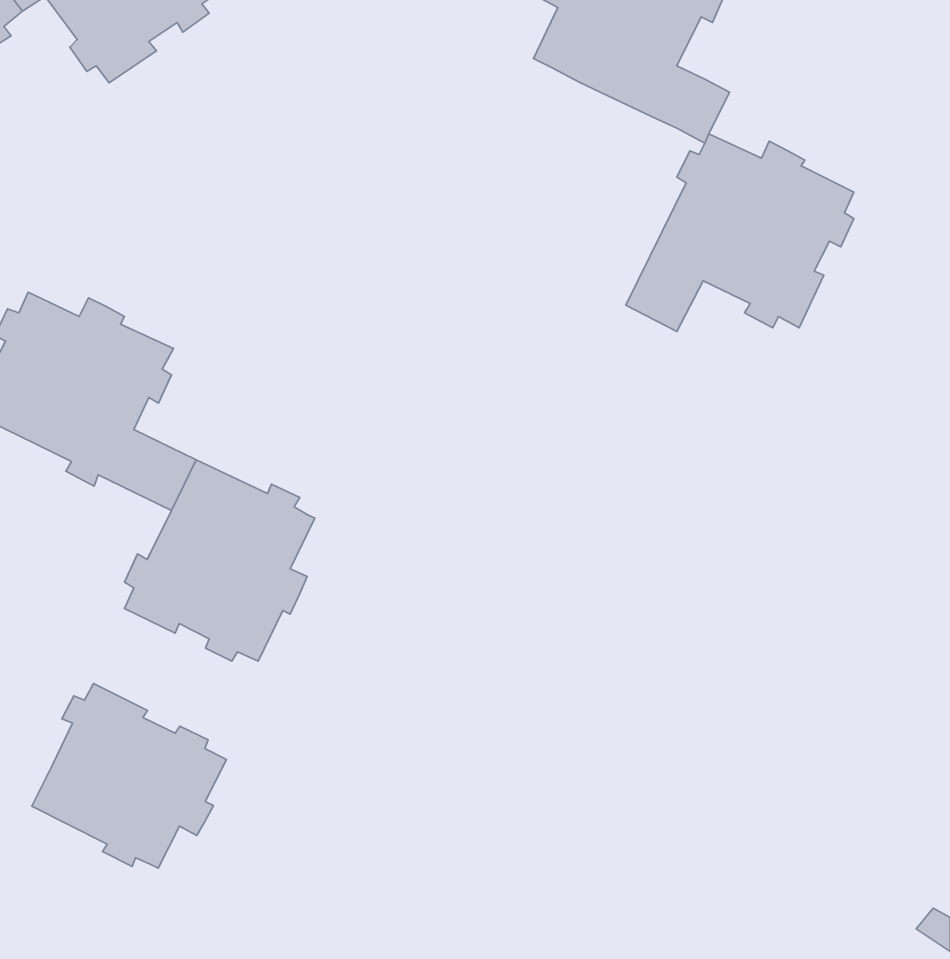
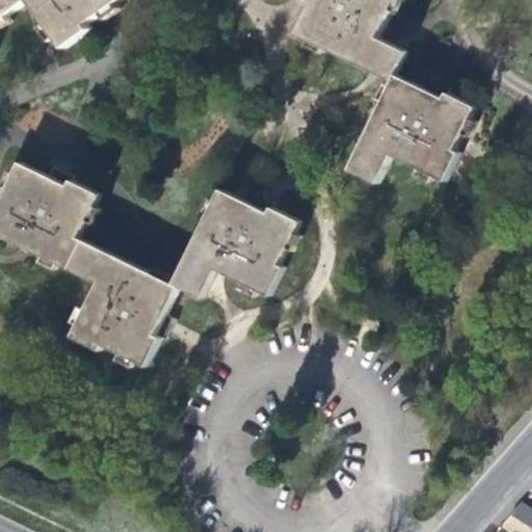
building: none -> [169,188,295,296]
building: [32,684,226,868] -> none

